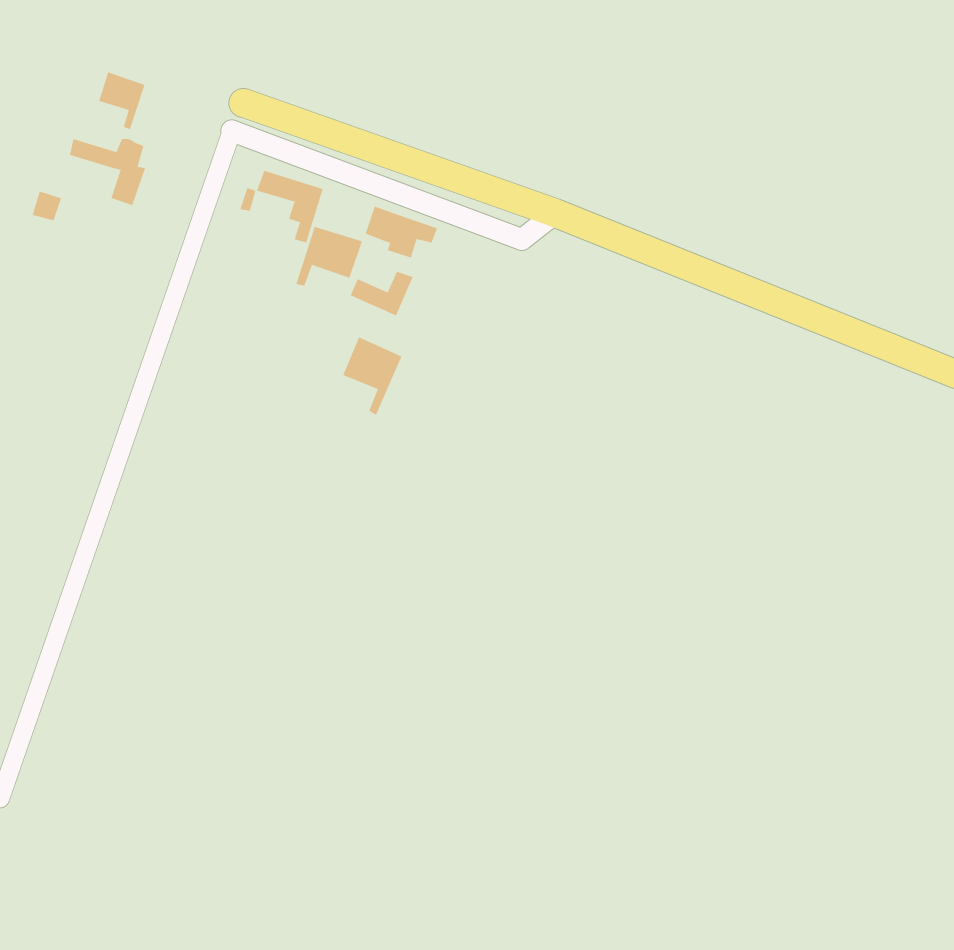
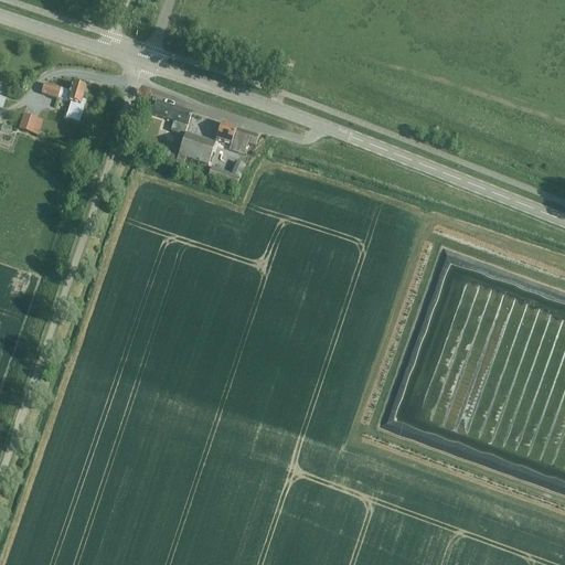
building: [99,72,145,130] -> none
building: [343,336,402,416] -> none

